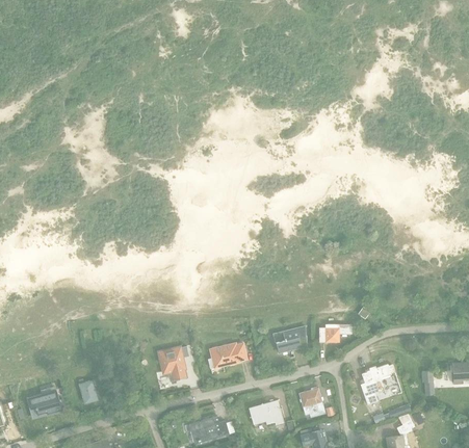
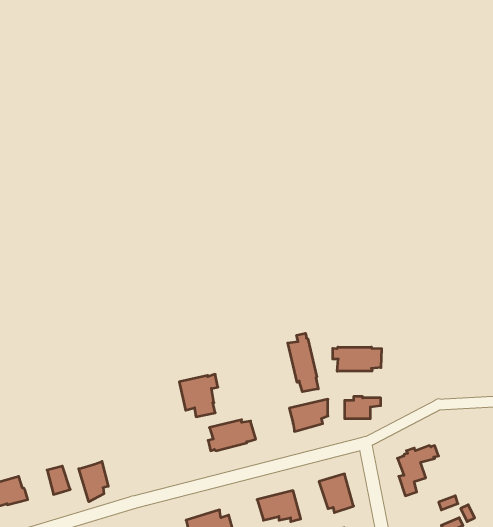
building: none -> [288,333,318,392]
building: none -> [333,347,382,371]
building: [159,349,190,384] -> [179,374,218,417]
building: none -> [79,461,108,502]

